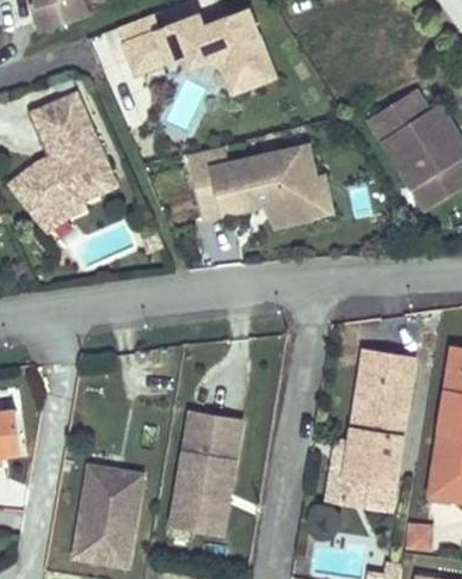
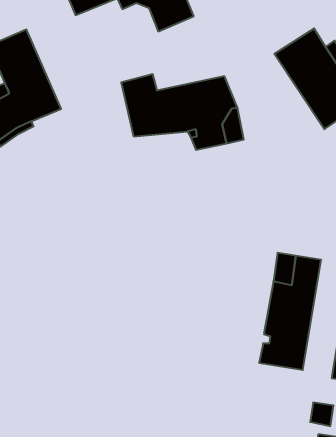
building: [170,401,248,530] -> none
building: [327,444,395,513] -> none
building: [73,454,152,563] -> none

